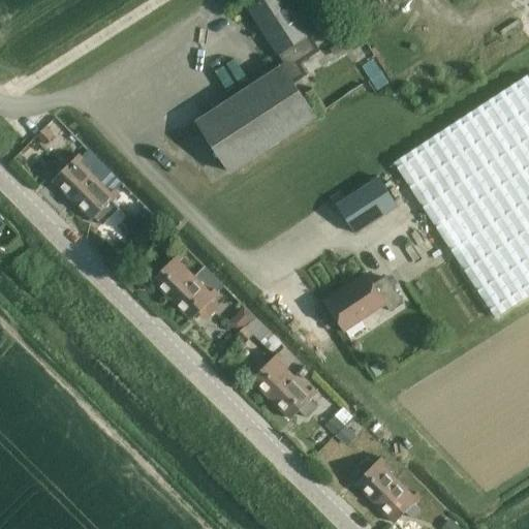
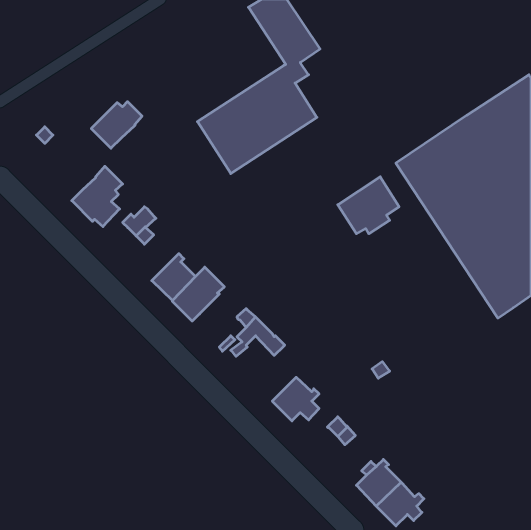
building: [52,153,102,199] -> [91,102,142,148]
building: [324,274,403,331] -> none
building: [250,352,294,399] -> none

